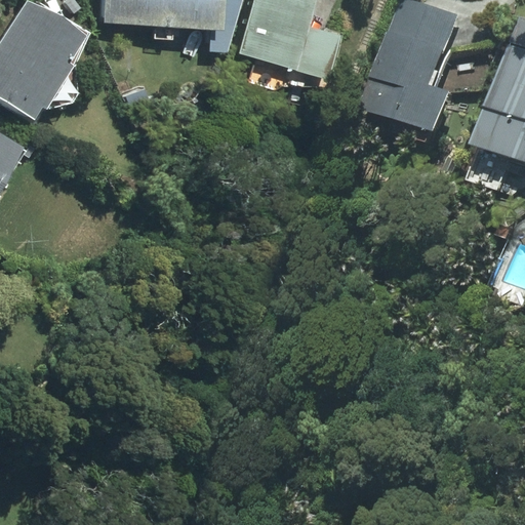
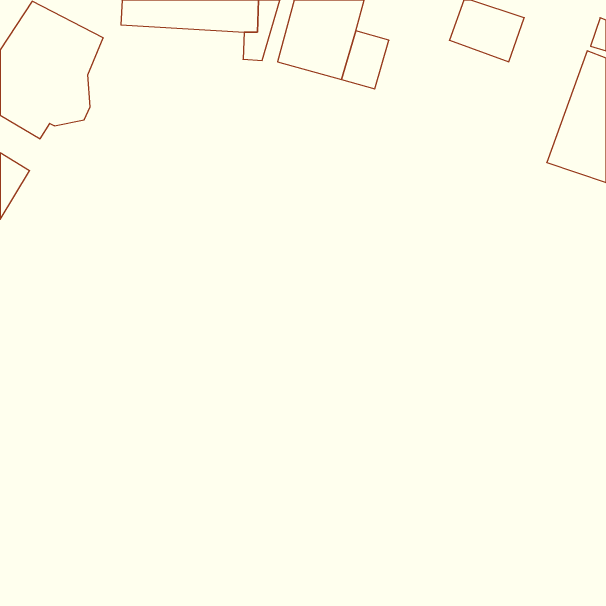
building: [364,35,449,133] -> none

